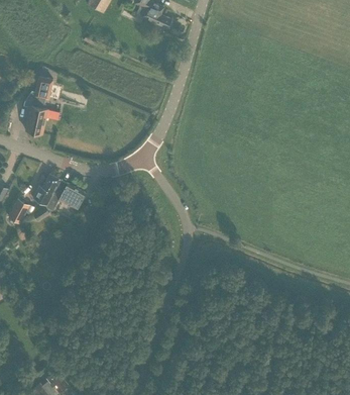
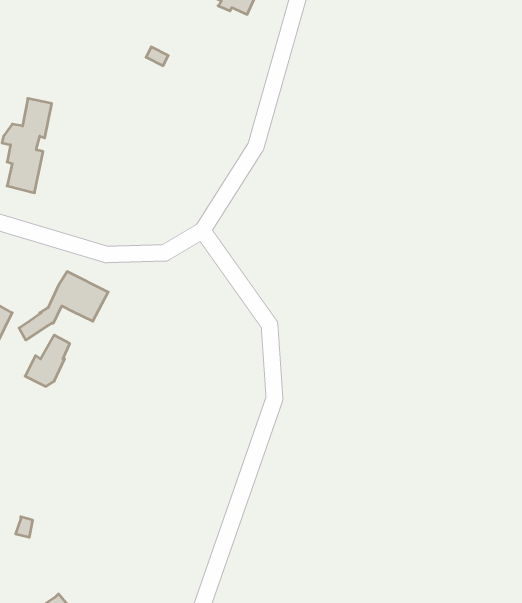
building: [32,174,59,204] -> [25,335,70,386]

